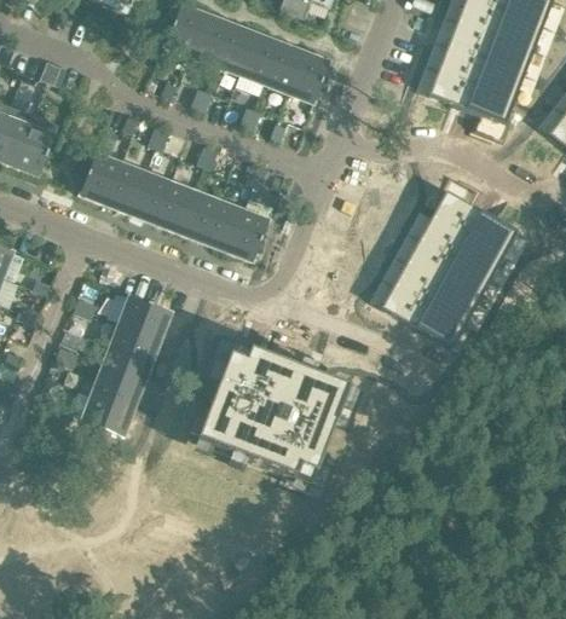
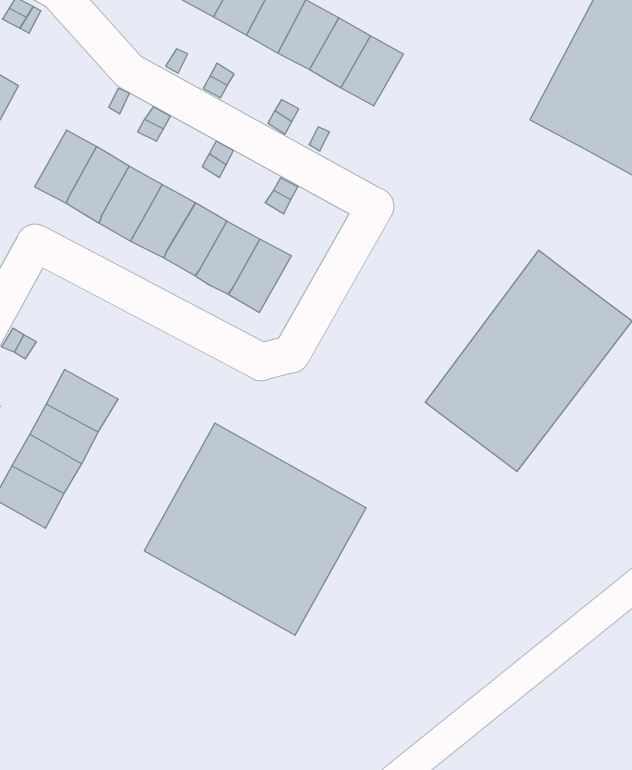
building: [119,295,169,336] -> none

